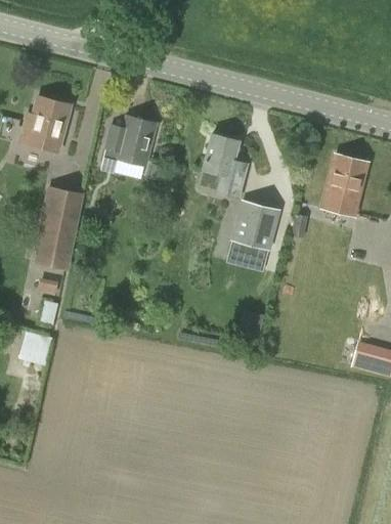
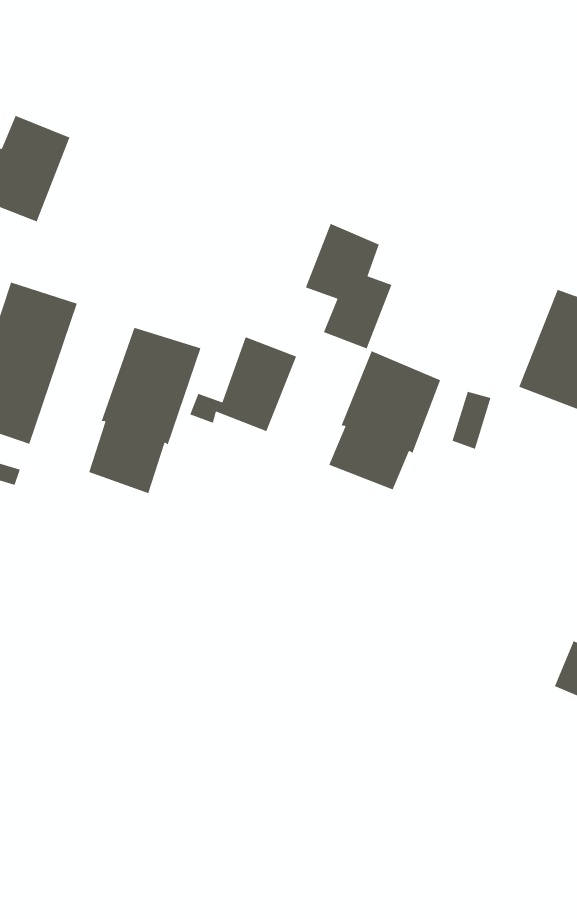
building: [101,116,155,165] -> [189,336,297,432]
building: none -> [88,327,201,494]

